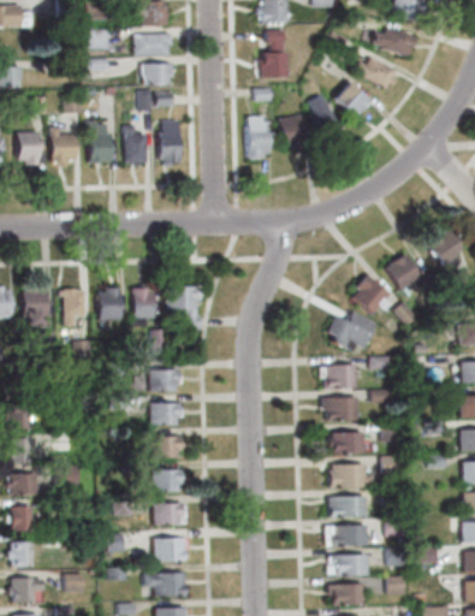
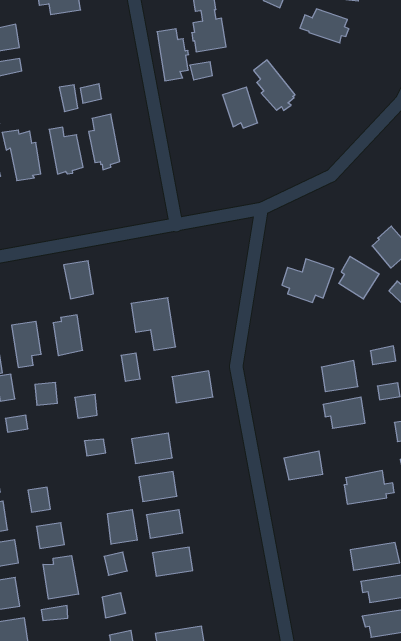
building: [132,31,172,55] -> none
building: [141,61,173,84] -> none
building: [333,81,370,117] -> none
building: [247,116,271,159] -> [157,29,189,81]
building: [135,288,156,318] -> [64,261,93,299]
building: [328,312,375,350] -> [282,259,334,302]
building: [152,368,184,391] -> [172,371,213,403]
building: [332,433,363,454] -> [284,451,323,480]
building: none -> [108,510,137,544]
building: none -> [43,556,79,599]
building: [329,496,366,516] -> none
building: [156,538,190,561] -> none

